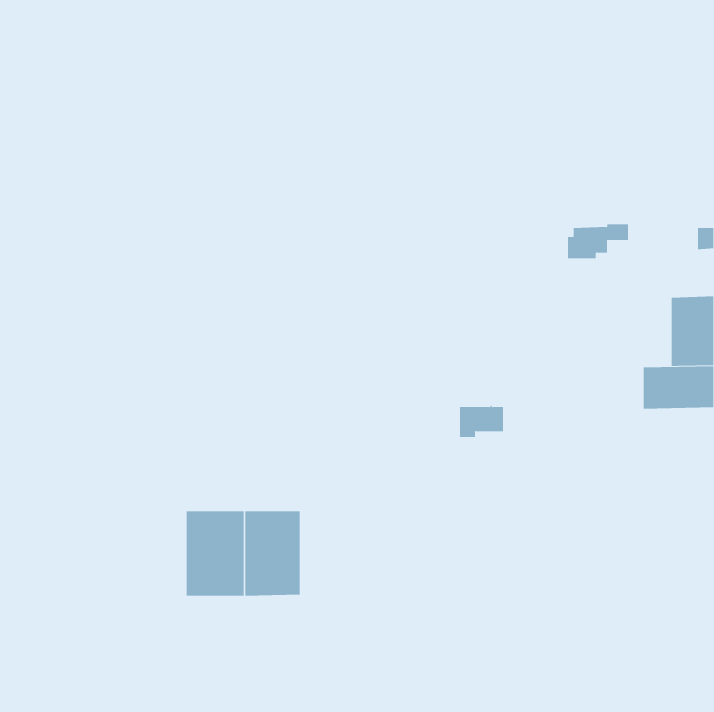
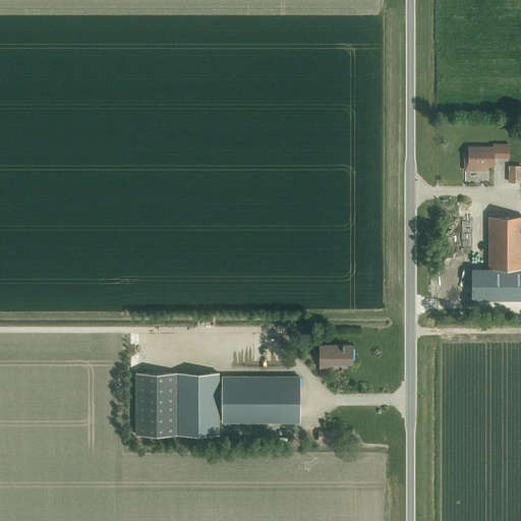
building: [567,224,629,259] -> [464,146,509,171]
building: [459,405,504,437] -> [320,345,352,368]
building: none -> [223,378,299,423]

